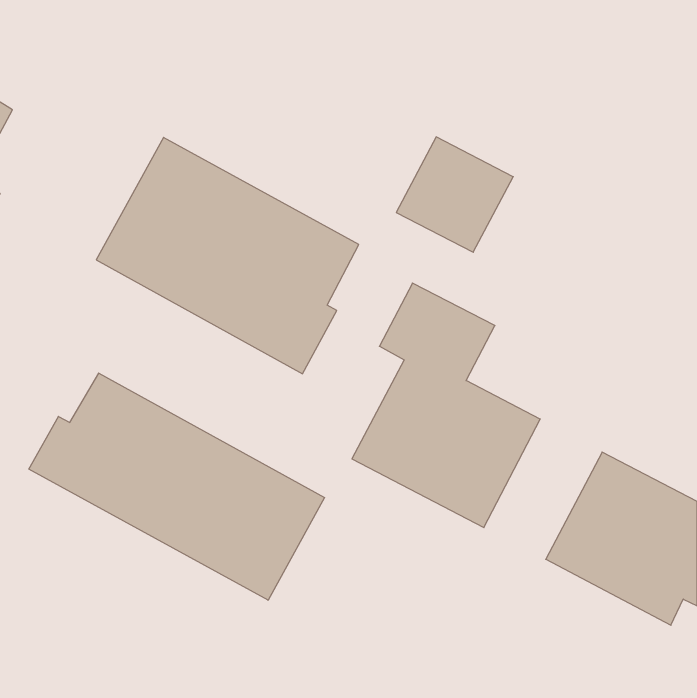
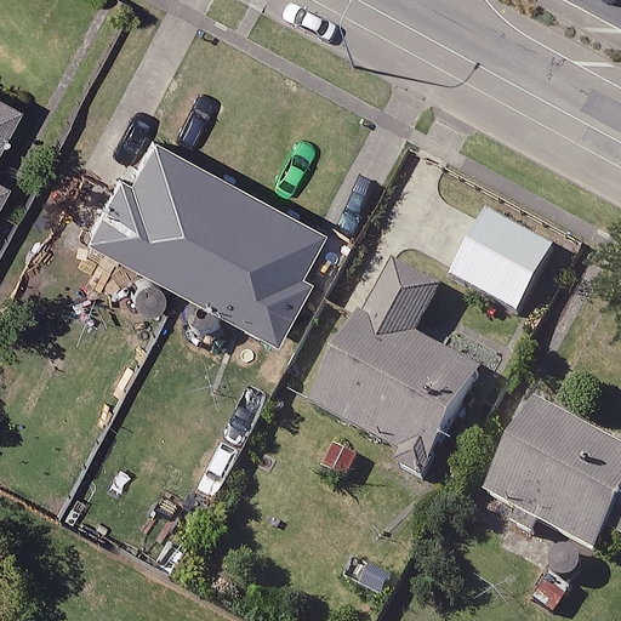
building: [396,137,513,252] -> [449,210,552,312]
building: [29,373,325,600] -> none

